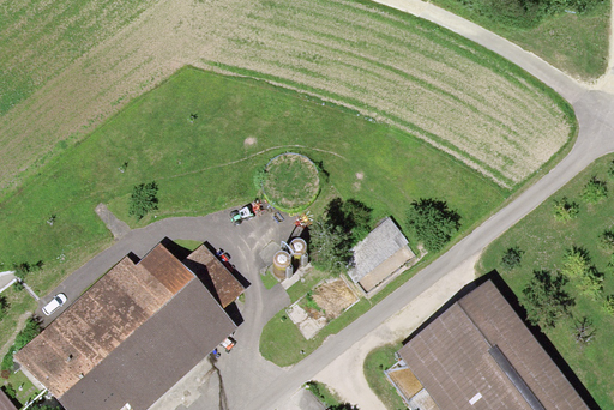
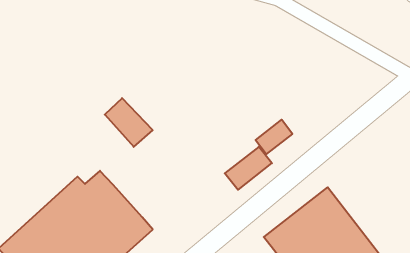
building: none -> [256,120,292,154]
building: [176,251,246,321] -> [105,98,153,147]

